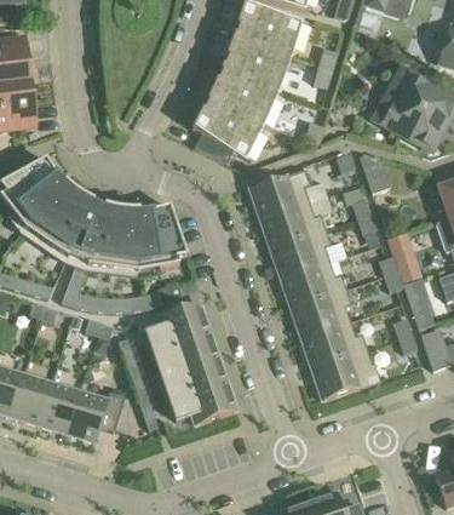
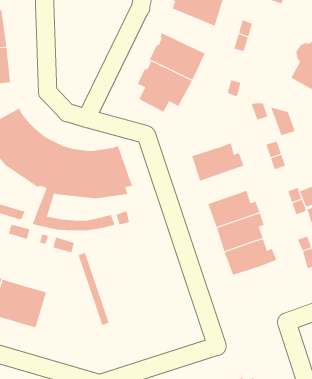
building: [224,34,289,91] -> none
building: [248,170,310,219] -> none
building: [270,231,345,279] -> none
building: [144,303,236,425] -> none
building: [311,349,378,401] -> none
building: [65,389,125,444] -> none

